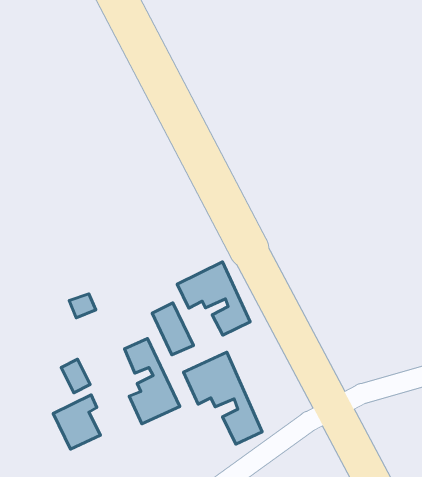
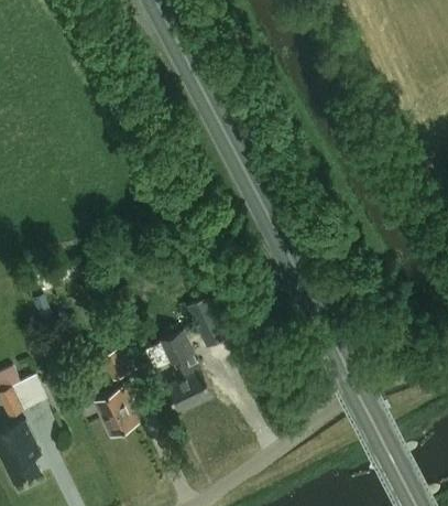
building: [177,262,250,335] -> none
building: [183,352,262,444] -> none

